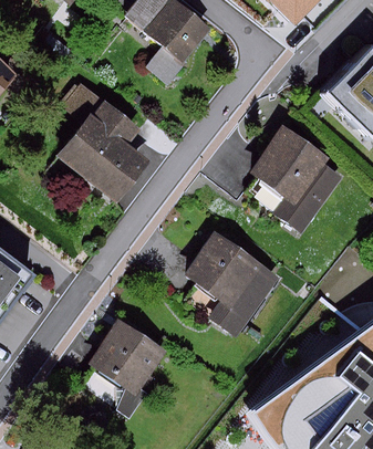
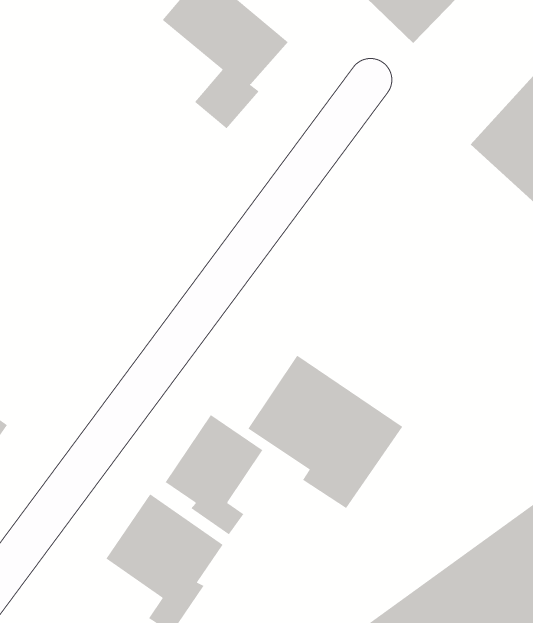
building: [43,90,145,200] -> none
building: [252,123,343,232] -> none
building: none -> [165,414,263,535]

